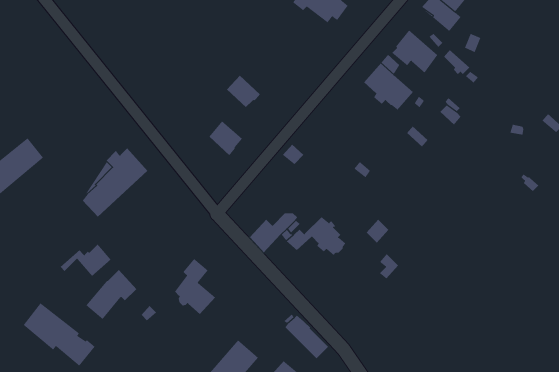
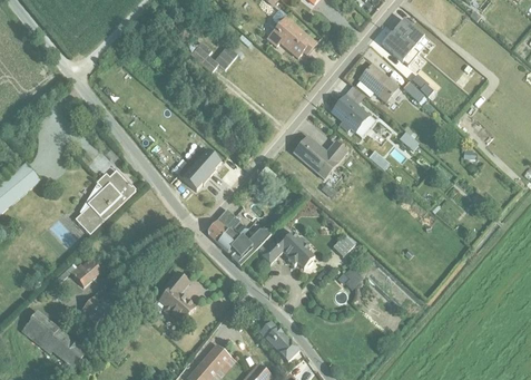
building: [226,75,261,108] -> [177,159,208,189]
building: none -> [292,134,347,178]
building: none -> [207,208,242,251]

